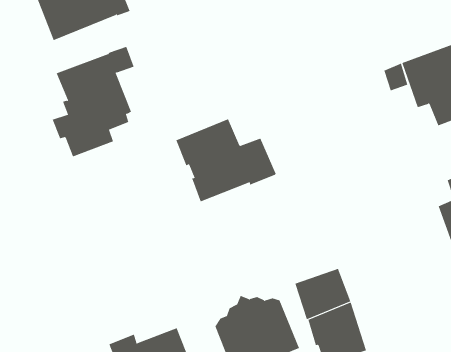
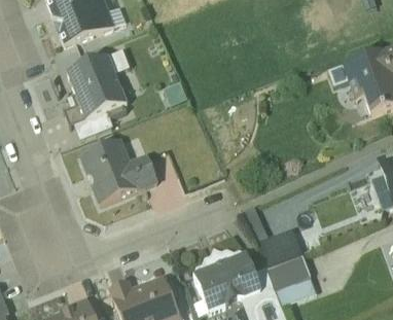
building: [176,118,276,202] -> [79,139,159,206]

